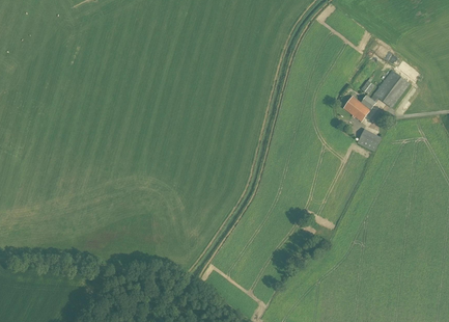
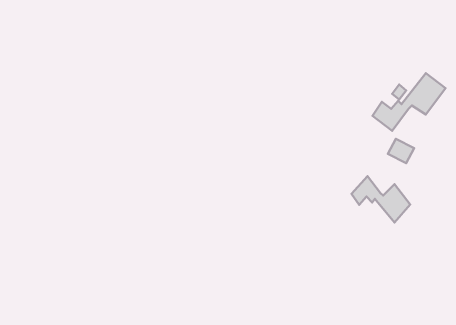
building: none -> [352,176,410,223]

